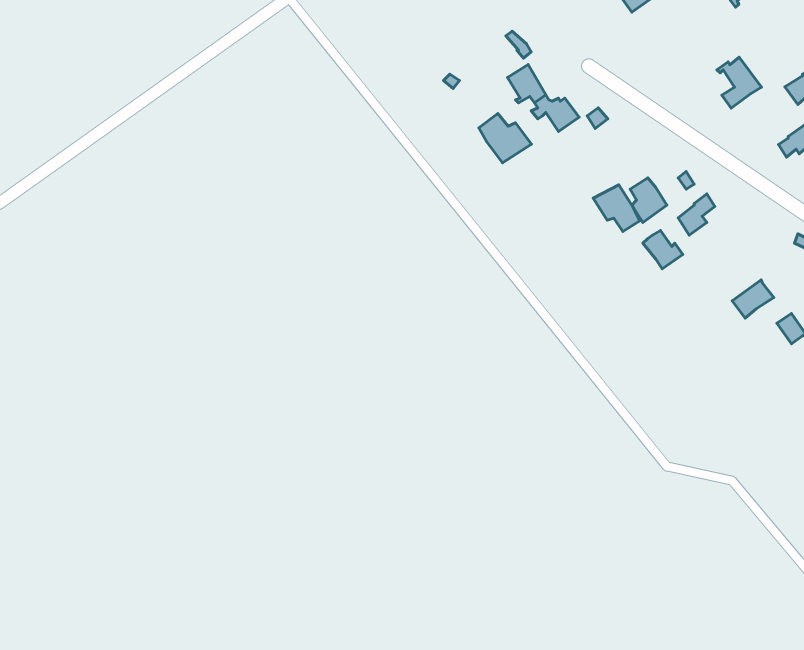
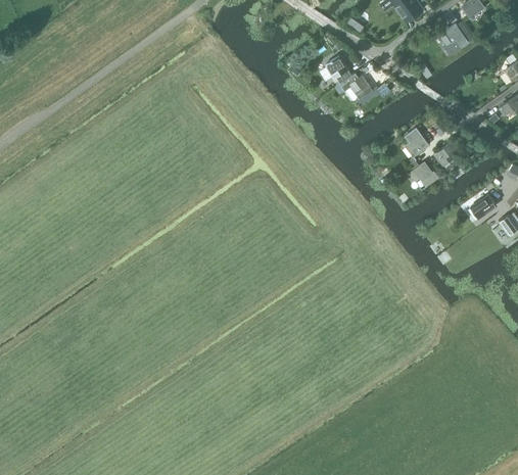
building: [717,57,762,108] -> [440,22,469,55]
building: [479,113,531,163] -> none
building: [593,185,640,232] -> none

